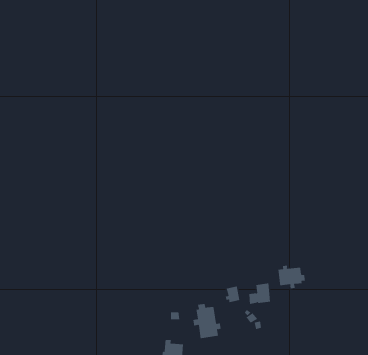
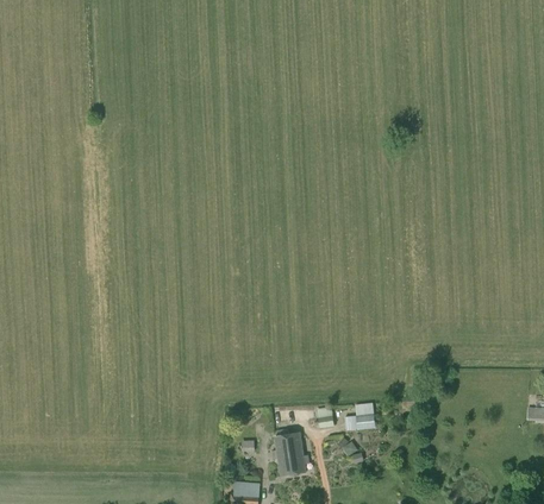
building: [278,265,305,289] -> none

